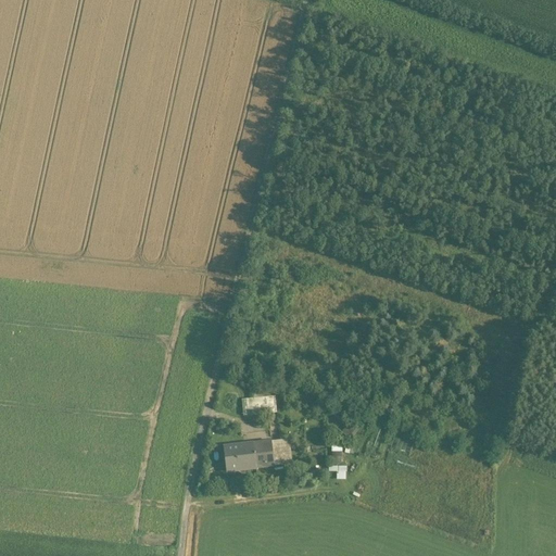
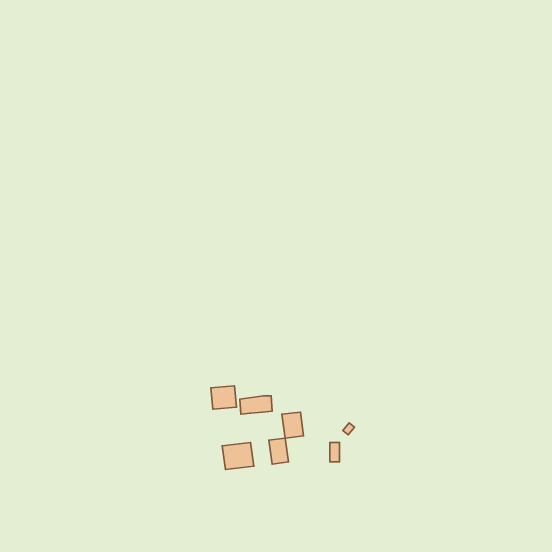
building: none -> [211,386,237,409]
building: [251,441,273,467] -> [282,412,304,438]

